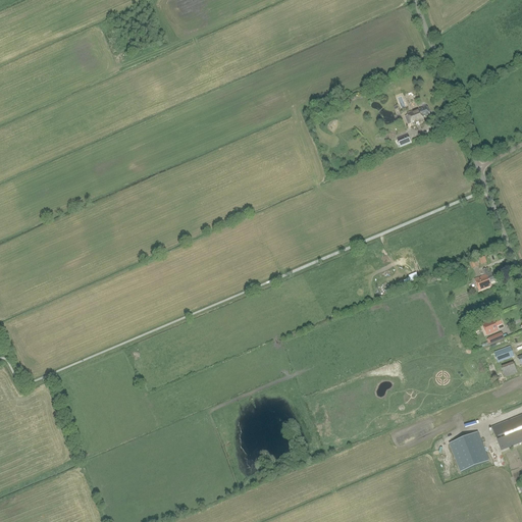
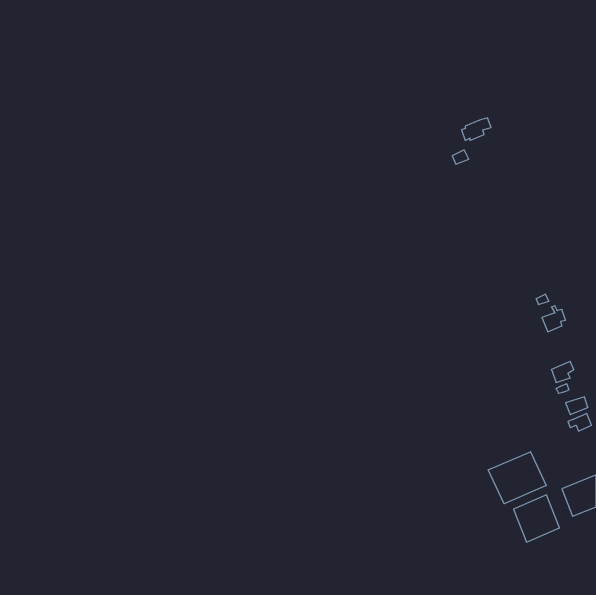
building: none -> [488,452,546,504]

